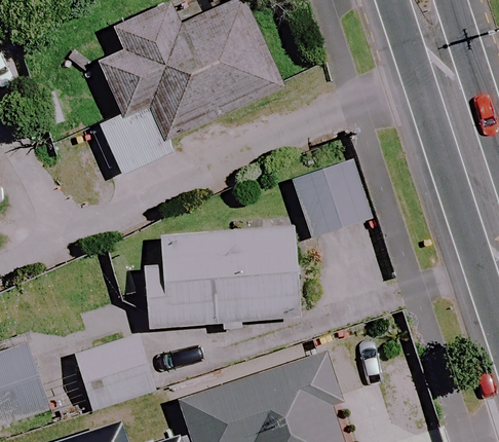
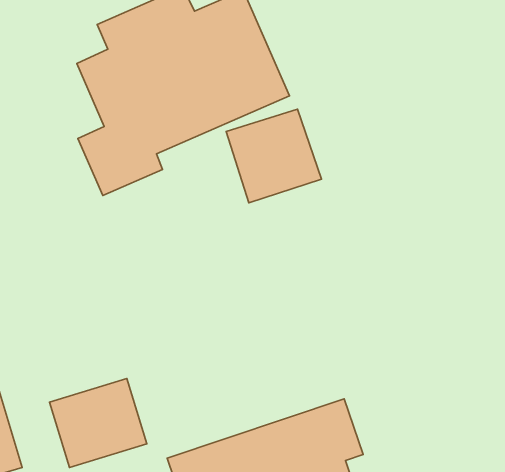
building: [290,156,372,237] -> [226,109,321,203]
building: [143,224,305,327] -> none

